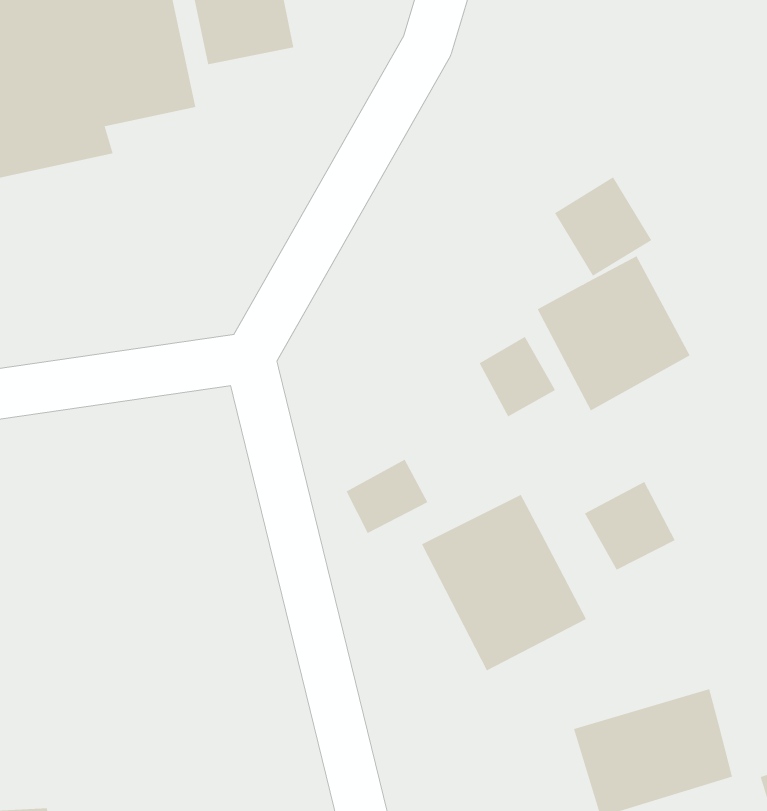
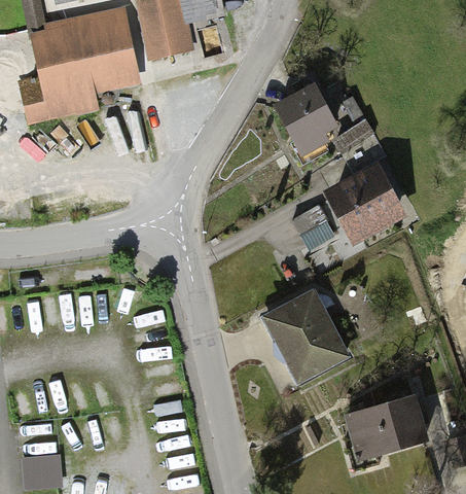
building: none -> [273,82,338,164]
building: [346,459,428,534] -> none
building: [584,481,675,571] -> none

